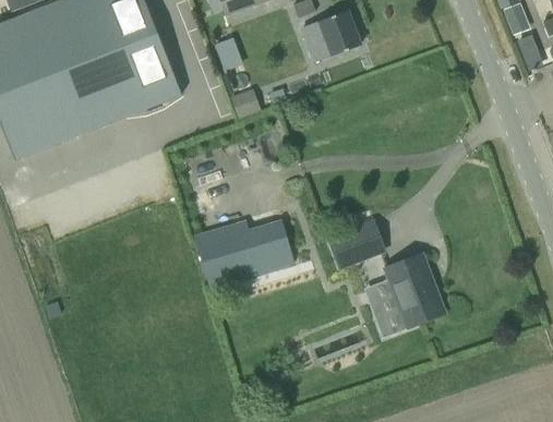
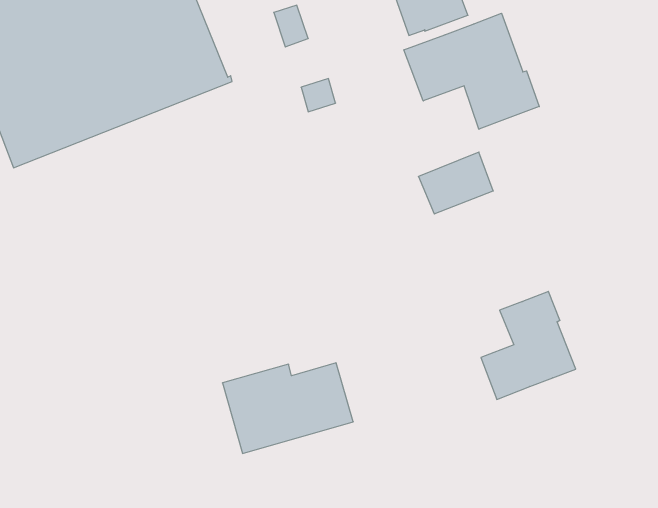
building: none -> [404,13,539,129]
building: [195,219,294,288] -> [222,363,353,453]
building: [328,220,385,267] -> [418,152,493,214]

